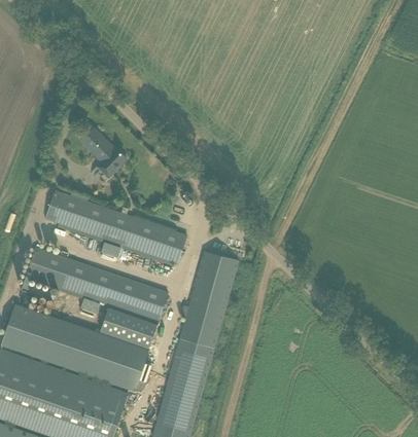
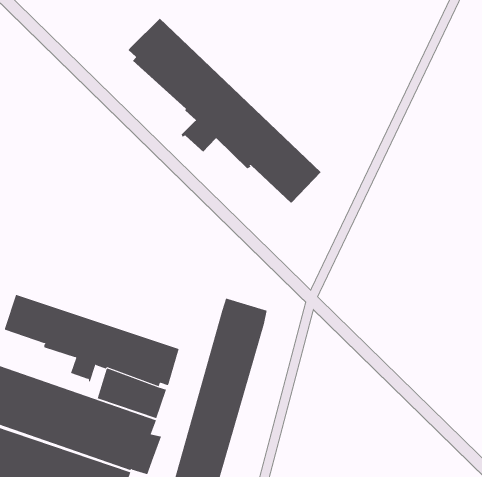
building: none -> [128,18,322,204]
building: [80,128,126,180] -> none
building: [44,190,186,265] -> none

